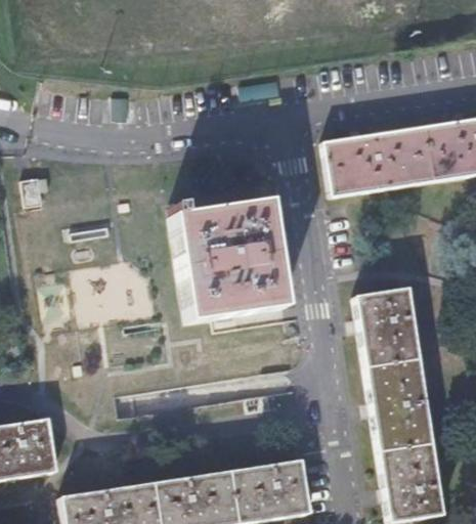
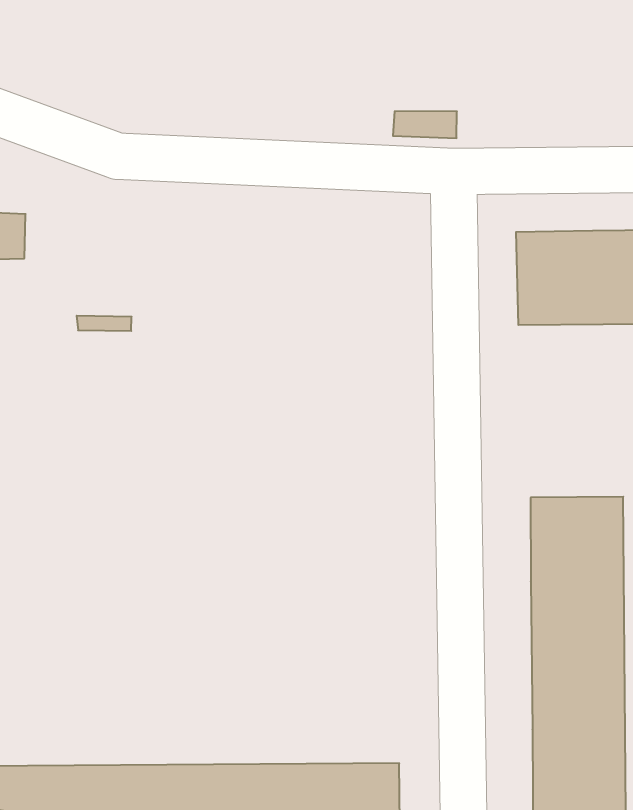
building: [170,201,287,320] -> none

